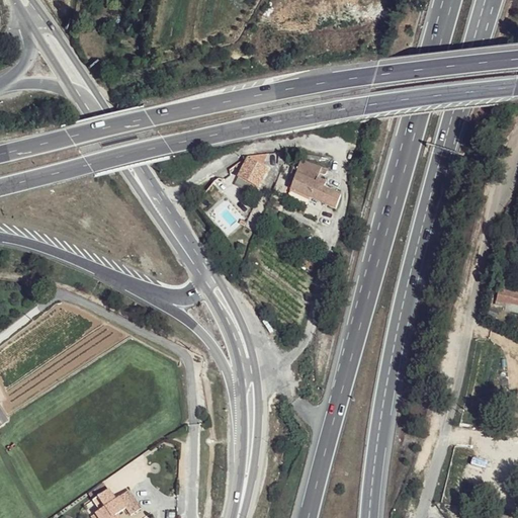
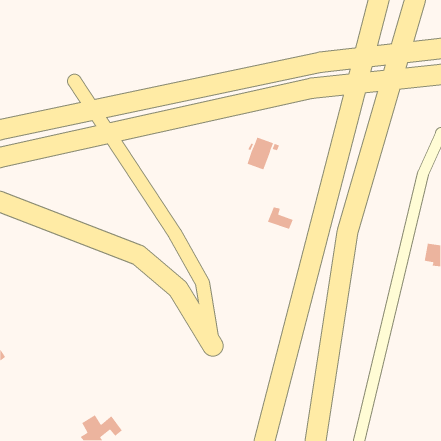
building: [238,159,266,188] -> none
building: [309,181,340,208] -> [267,207,294,230]

